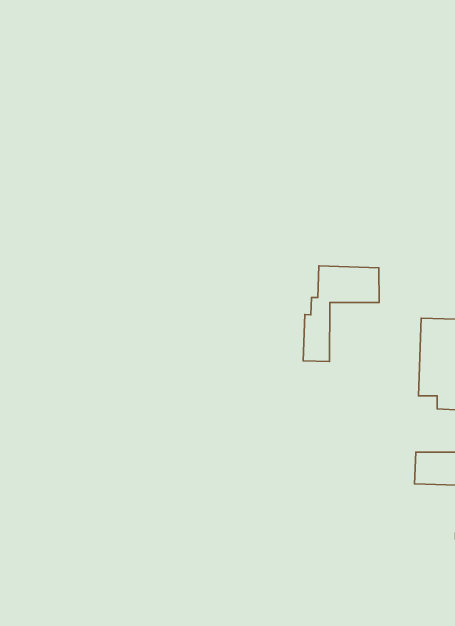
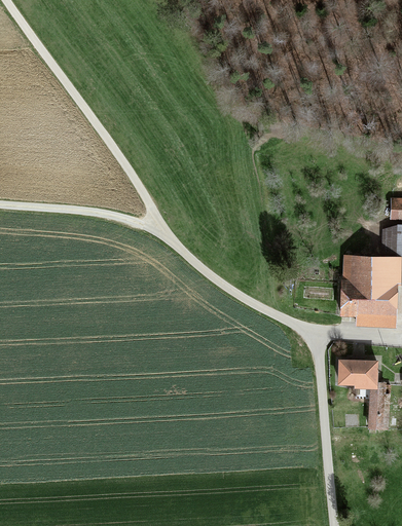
building: [303,266,379,362] -> none

